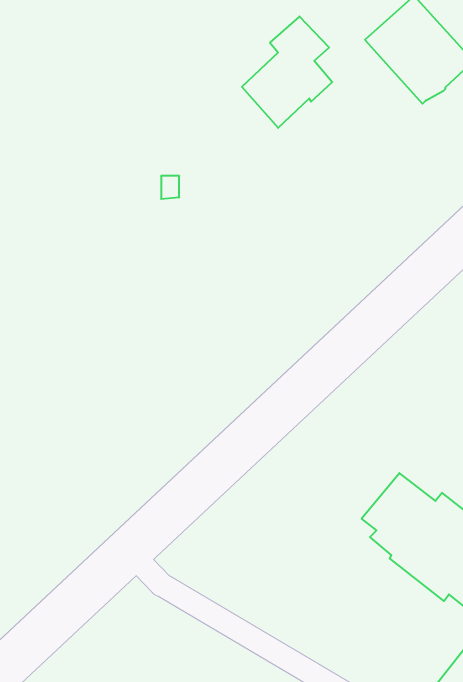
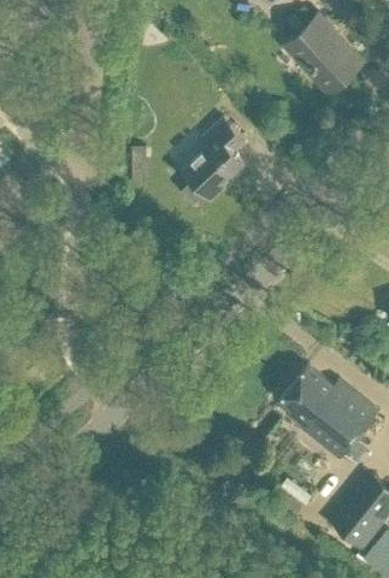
building: [242,16,332,128] -> [182,118,248,200]

